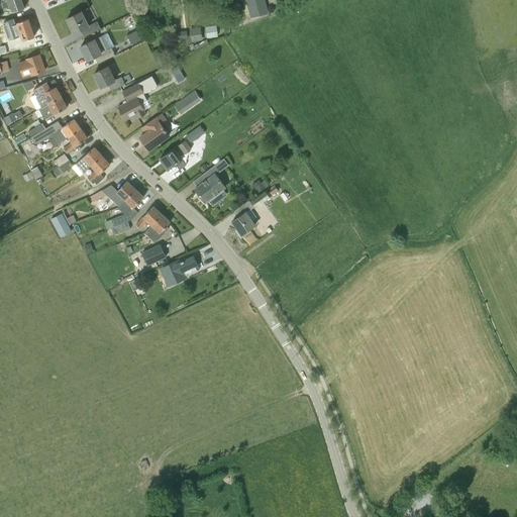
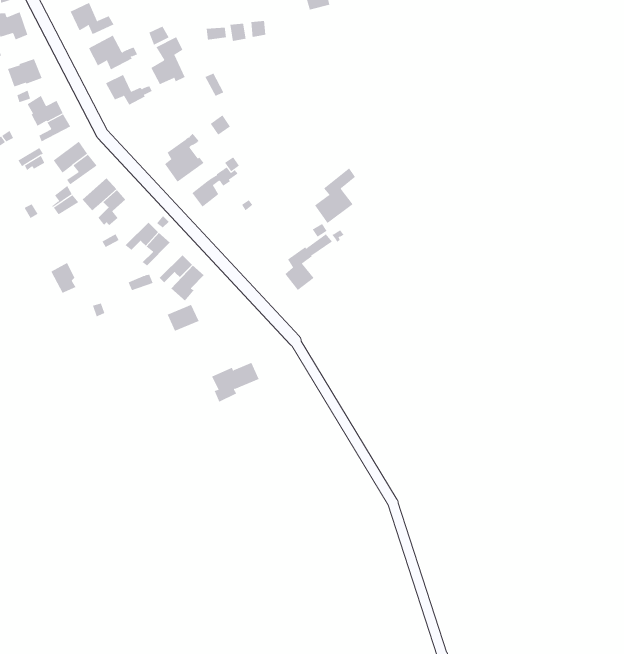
building: [118,83,145,120] -> [150,37,186,85]
building: [195,159,227,202] -> [314,168,356,224]
building: [163,255,200,287] -> [211,362,260,403]

